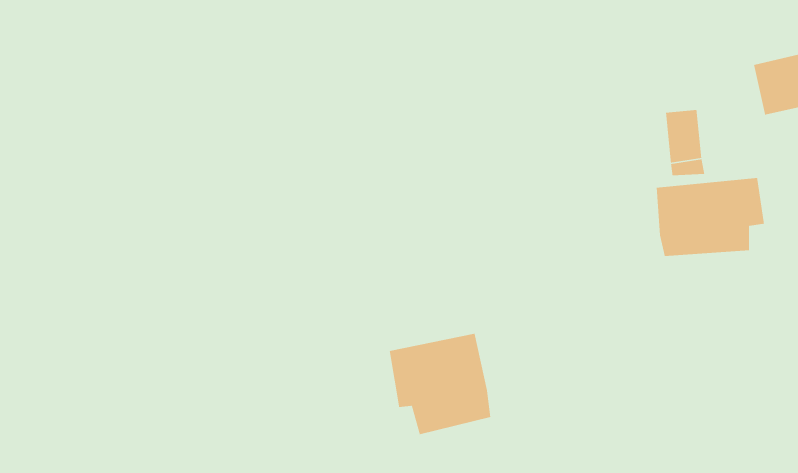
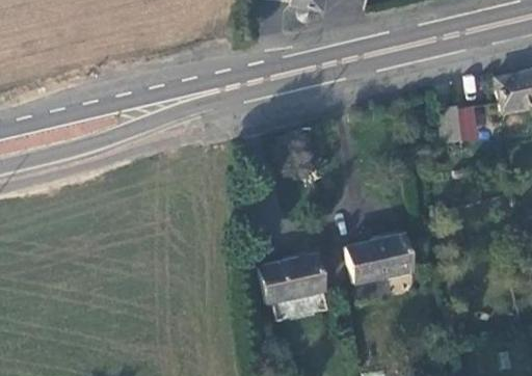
building: [656,177,765,257] -> none
building: none -> [351,234,413,281]

